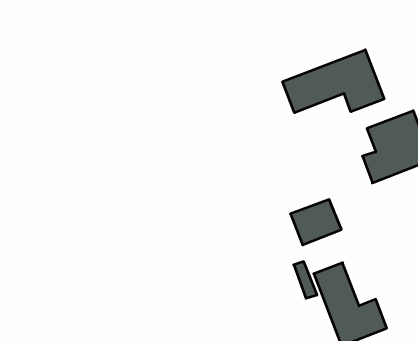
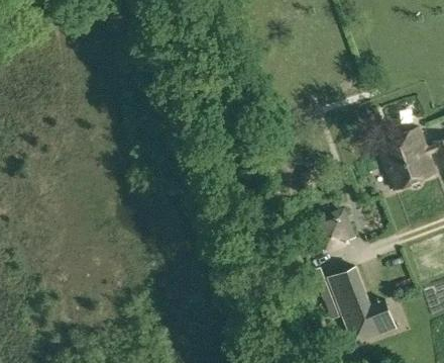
building: [283,50,384,113] -> none

